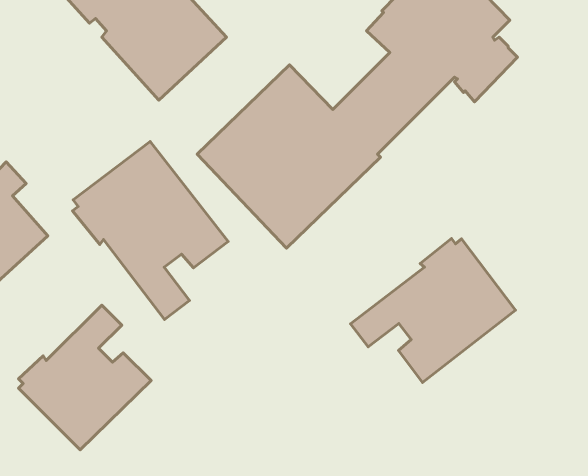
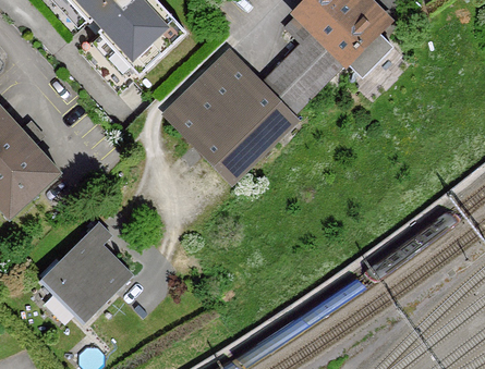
building: [72,141,228,319] -> none
building: [351,238,516,382] -> none

